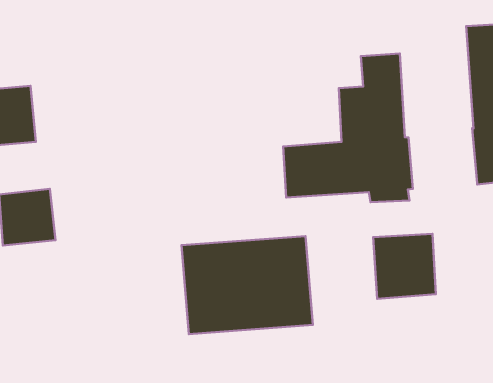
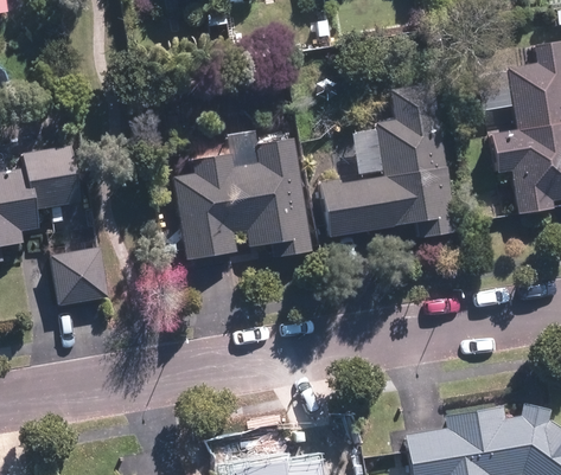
building: [373,234,436,299] -> none
building: [182,236,313,334] -> [173,155,308,261]

